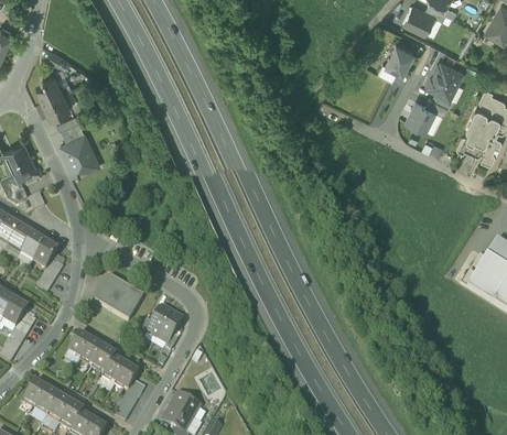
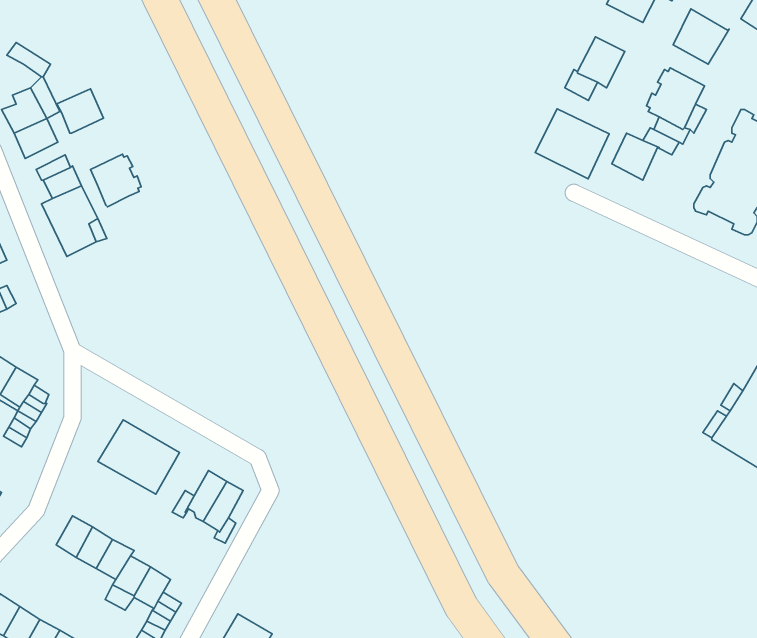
building: none -> [673,9,729,64]
building: none -> [57,89,104,133]
building: none -> [535,109,609,179]
building: none -> [91,154,141,207]

